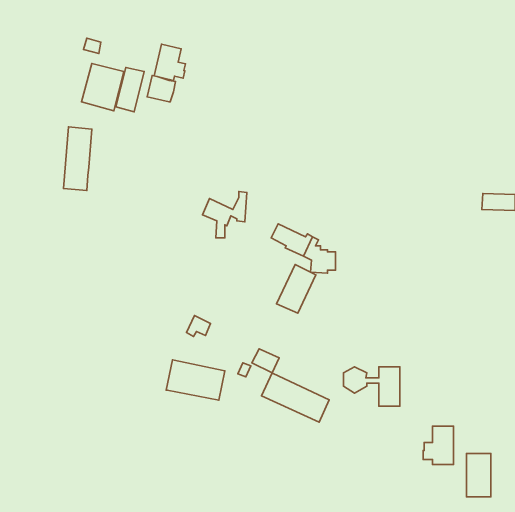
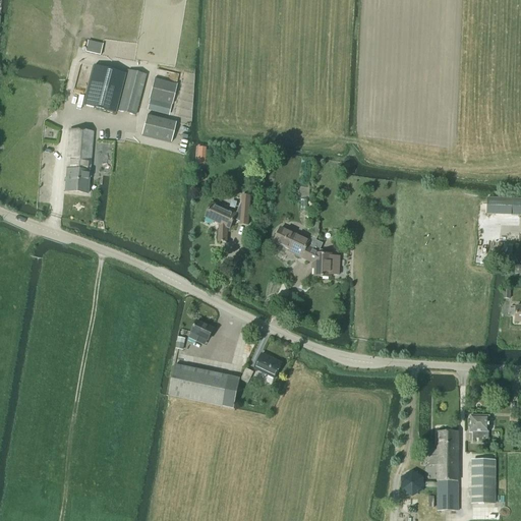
building: [154,44,186,81] -> none
building: none -> [140,114,176,141]
building: [277,265,316,313] -> none
building: [344,367,400,406] -> [401,469,458,509]
building: [261,373,329,422] -> none
building: none -> [470,414,488,437]

